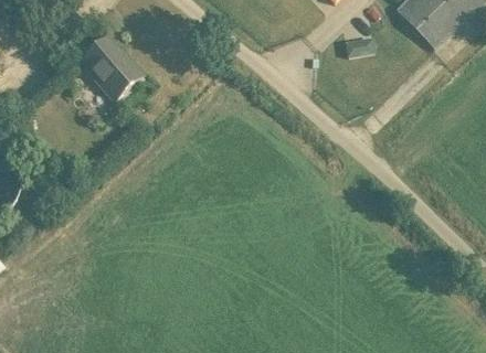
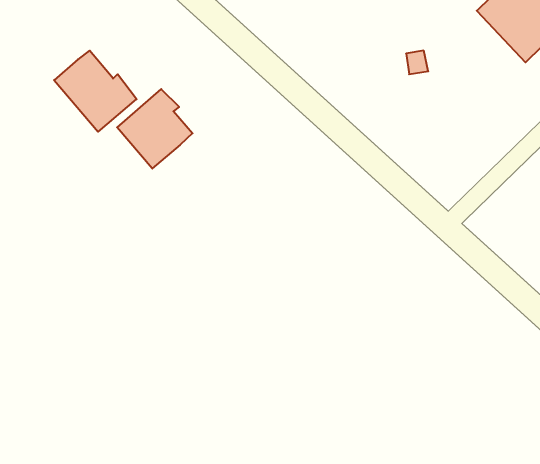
building: none -> [117,89,193,169]

